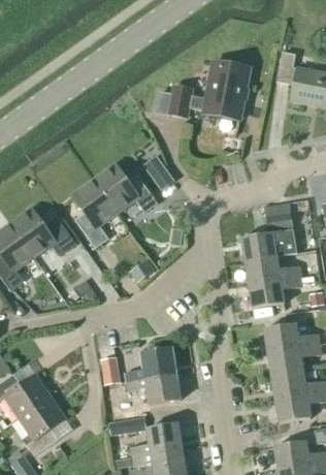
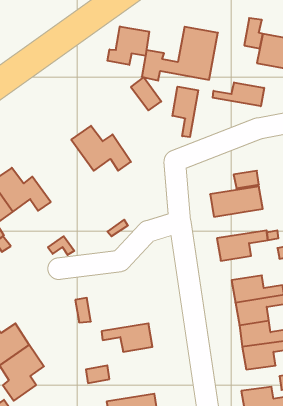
building: none -> [107,26,149,65]
building: none -> [213,82,264,106]
building: none -> [172,87,198,137]
building: [141,157,173,192] -> [131,77,161,110]
building: [72,180,118,248] -> none
building: [244,256,300,284] -> none
building: [124,349,175,382] -> none
building: [130,423,182,456] -> none

